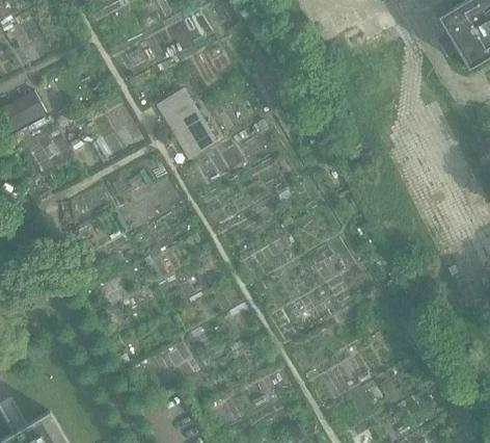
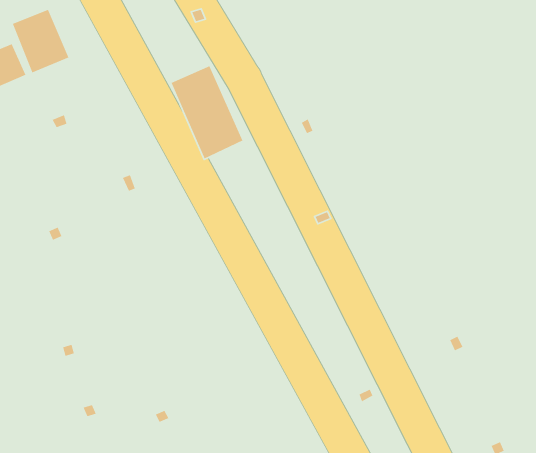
building: none -> [12,9,69,73]

